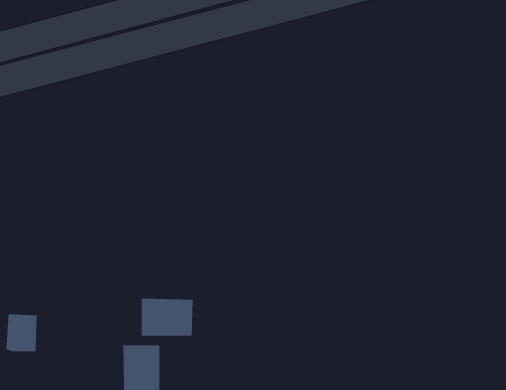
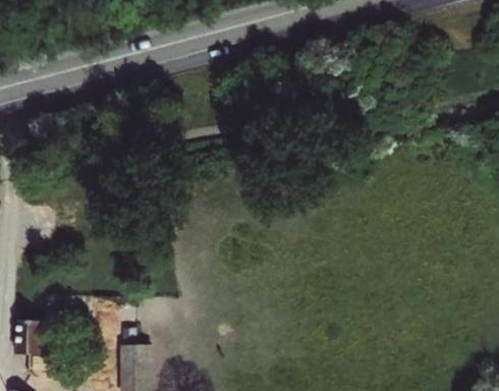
building: [141,298,193,336] -> none

